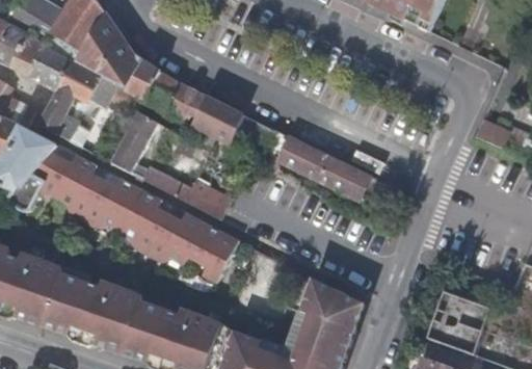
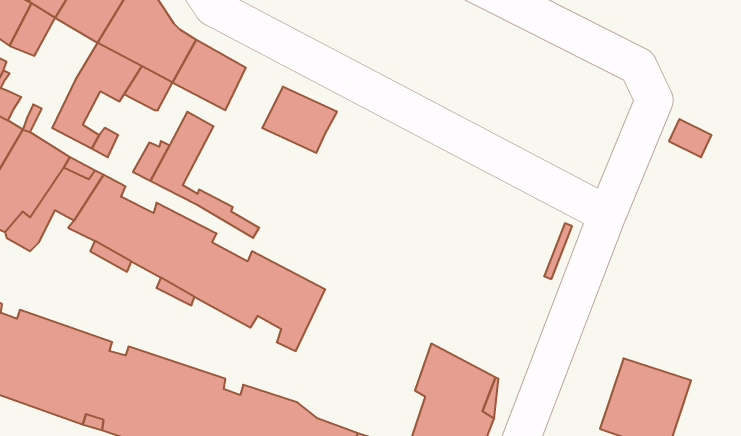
building: [28,46,73,89] -> none
building: [163,81,204,124] -> none
building: [234,112,368,199] -> none
building: [183,182,225,220] -> none

